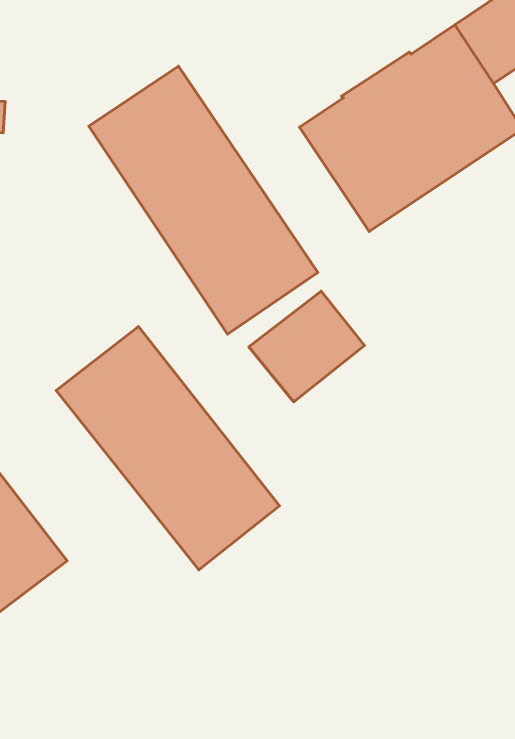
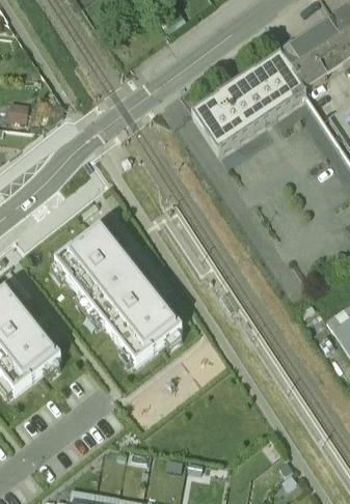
building: [89,66,318,334] -> none
building: [249,291,365,402] -> none

